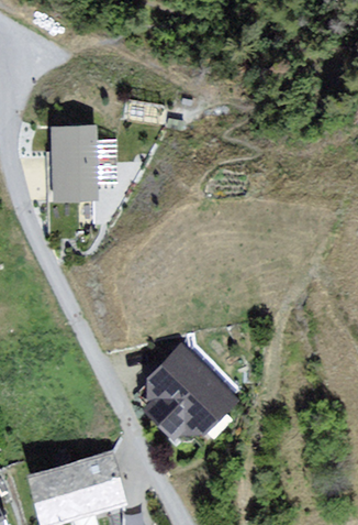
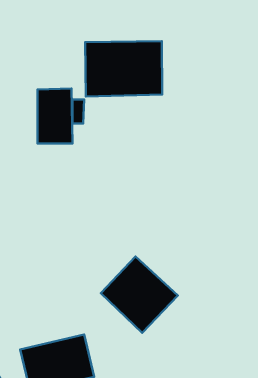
building: none -> [85,41,162,97]

